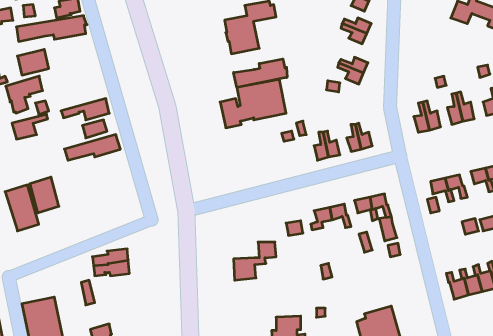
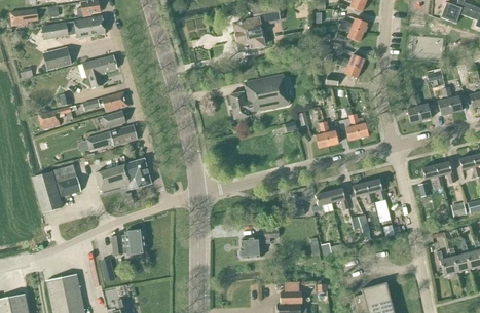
building: [234,59,287,87] -> none
building: [6,76,43,113] -> [82,54,116,88]
building: none -> [95,158,151,193]

